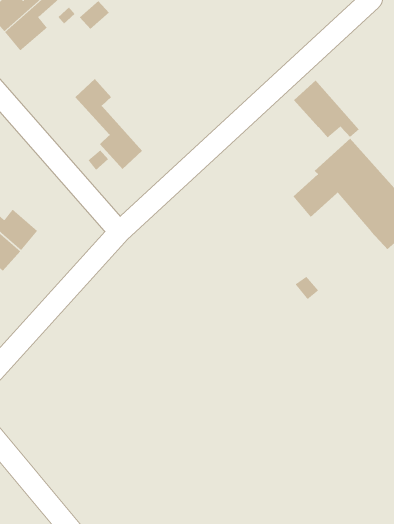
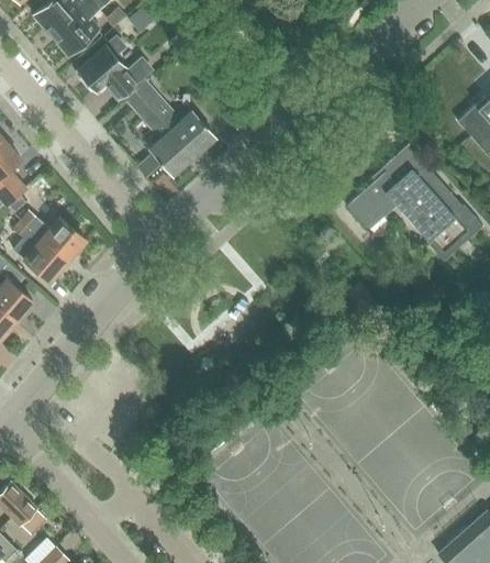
building: none -> [78,37,155,101]
building: [293,79,360,138] -> none
building: none -> [153,101,215,156]

